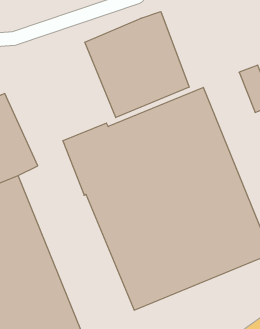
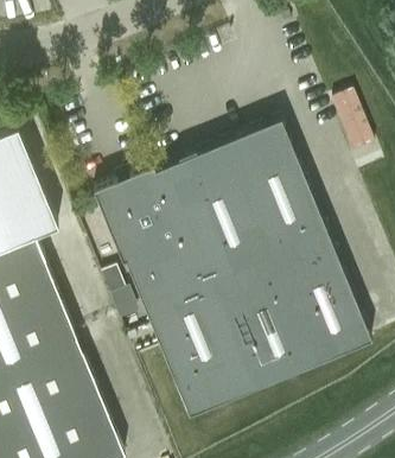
building: [85,12,189,118] -> none

